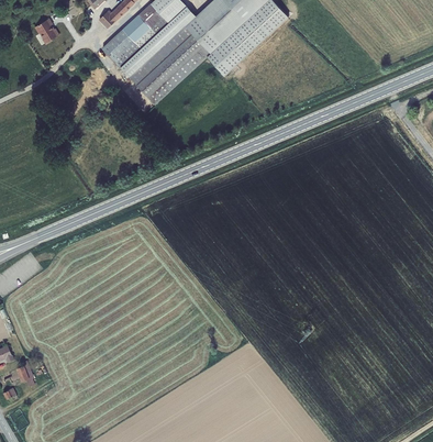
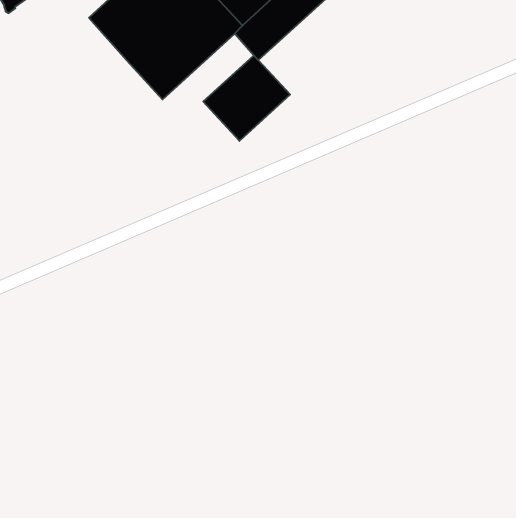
building: none -> [203,55,290,141]

